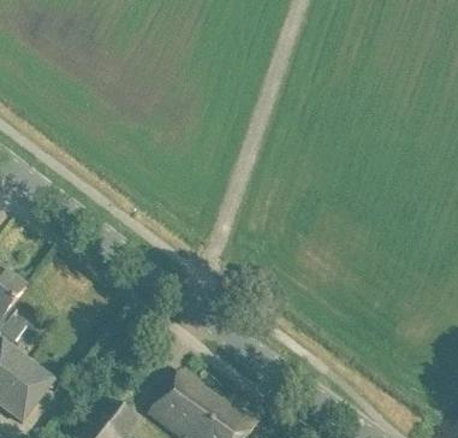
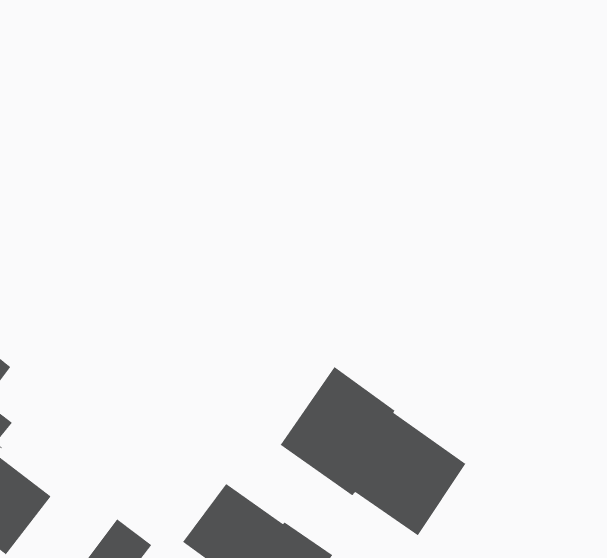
building: none -> [280,366,466,536]

